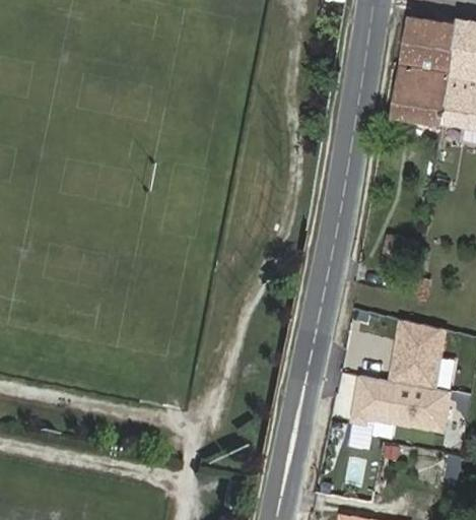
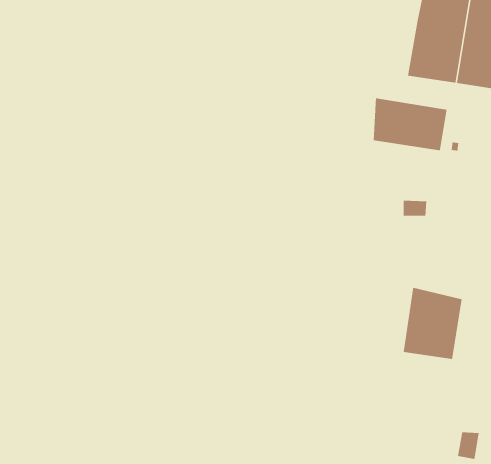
building: none -> [373,97,447,151]
building: [350,379,450,434] -> none

